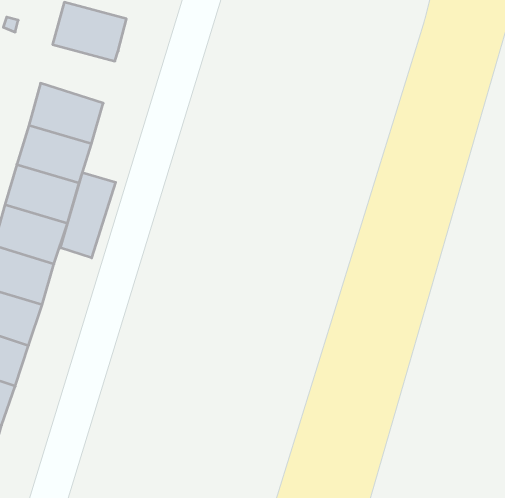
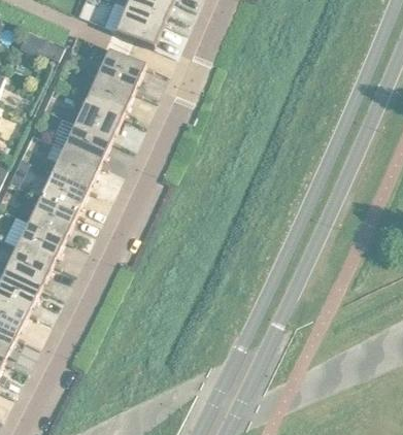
building: none -> [85,73,134,115]
building: [61,173,116,258] -> none

